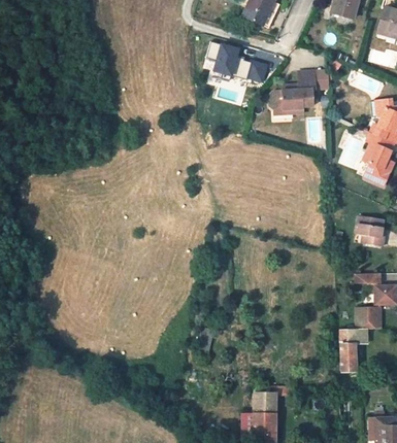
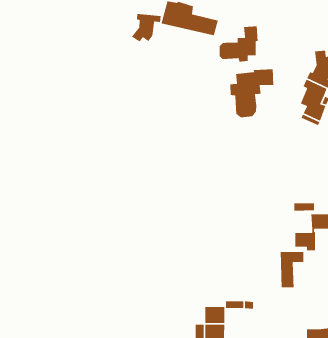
building: none -> [131,13,161,42]
building: none -> [230,68,274,118]
building: [356,215,384,247] -> none

